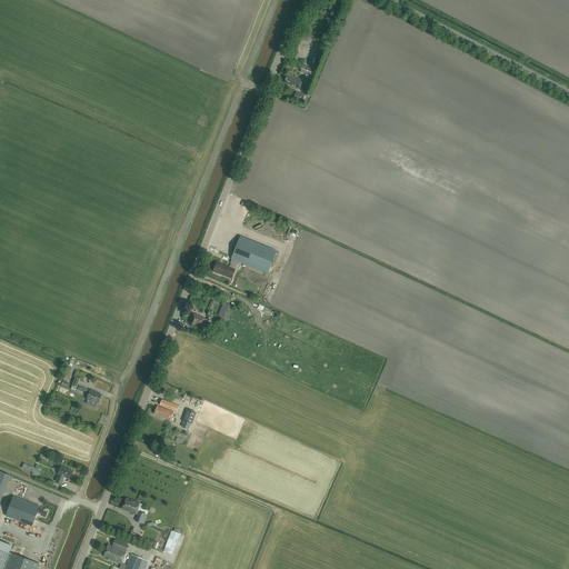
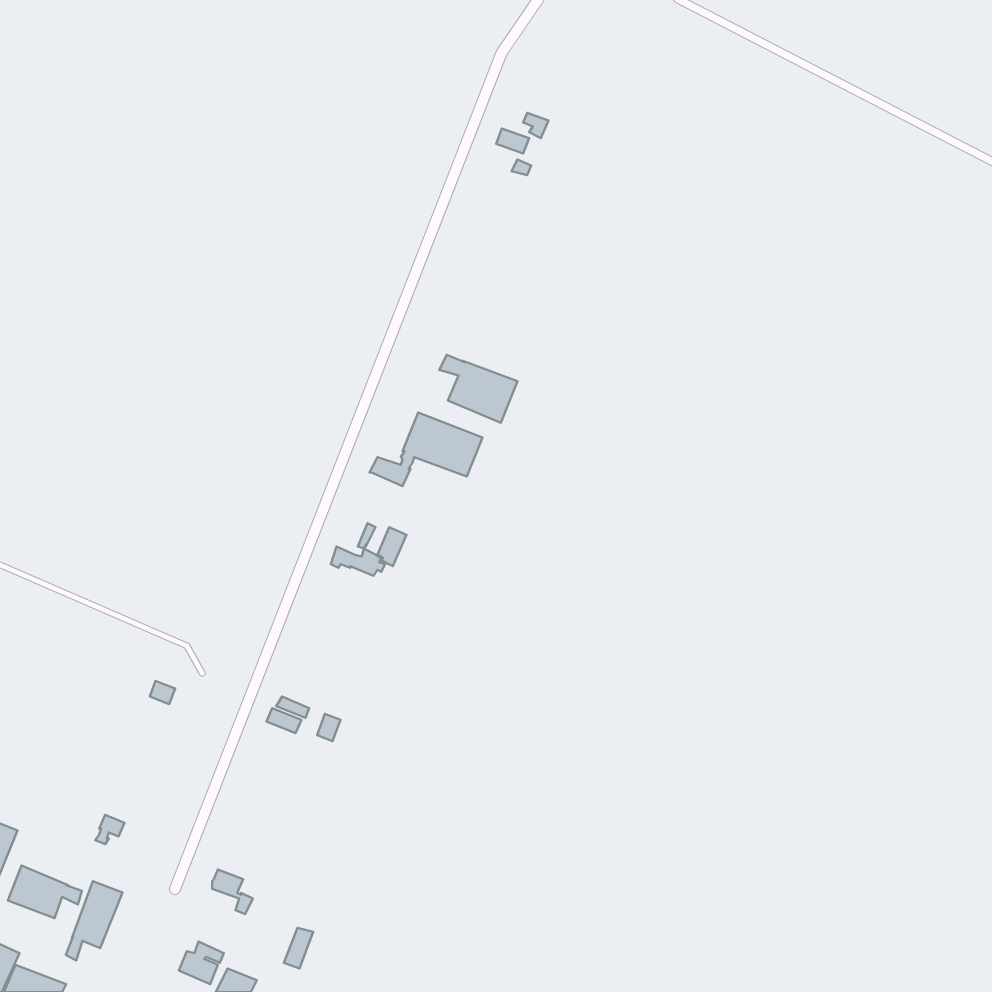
building: none -> [439,355,518,423]
building: none -> [66,881,122,961]

